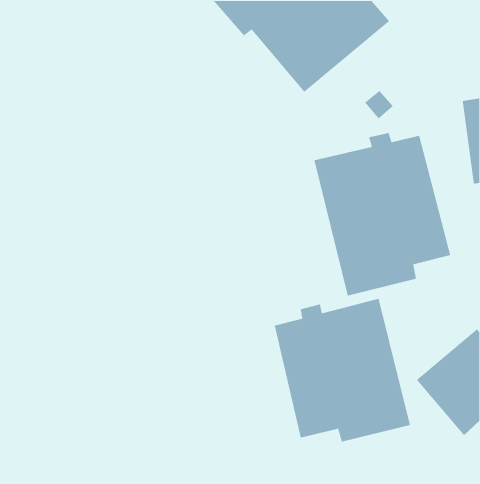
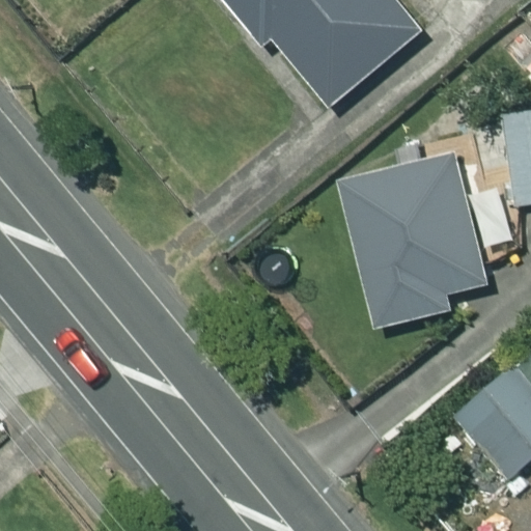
building: [274,298,411,443] -> none

